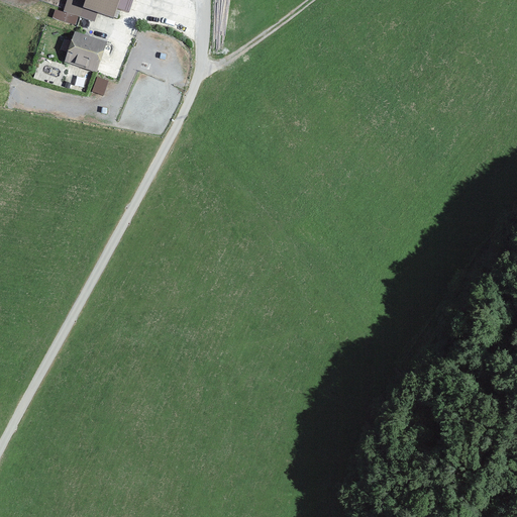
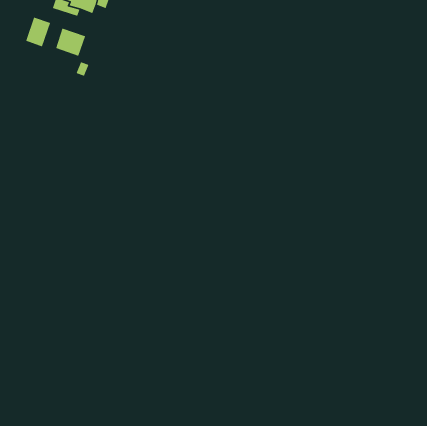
building: none -> [25,17,51,48]

